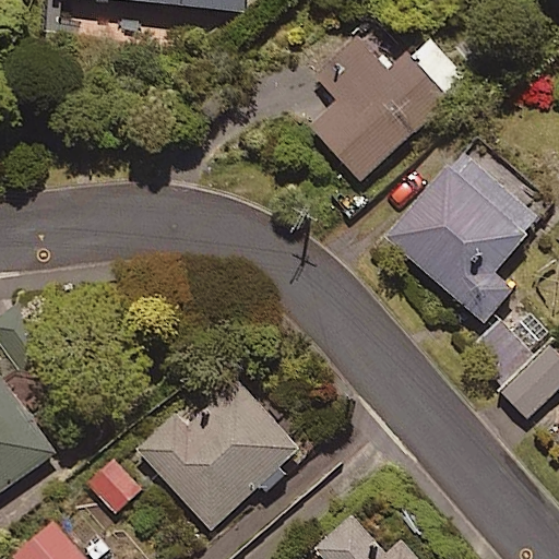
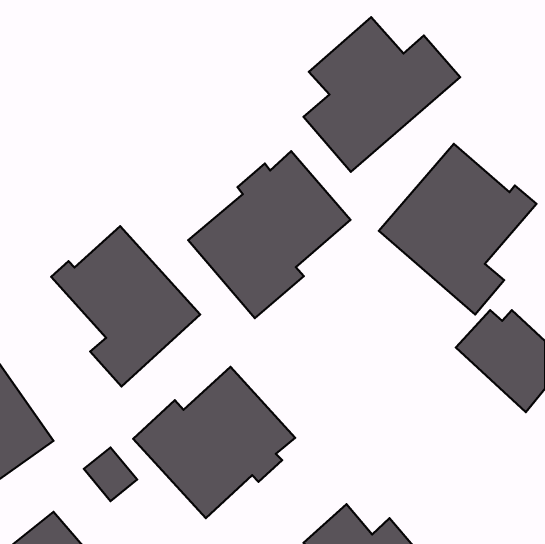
building: none -> [188,151,350,318]
building: none -> [51,226,200,386]

